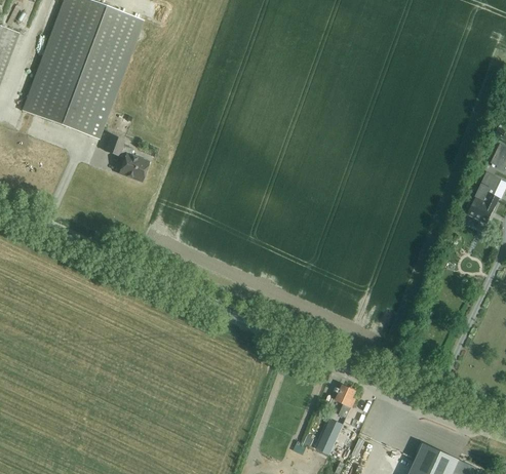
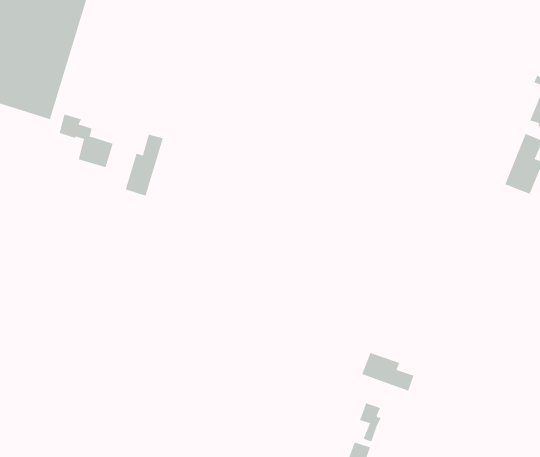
building: none -> [125,134,164,197]
building: none -> [362,352,414,392]

